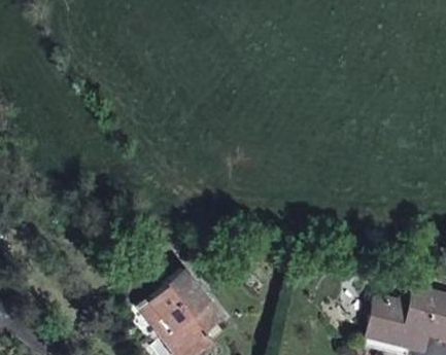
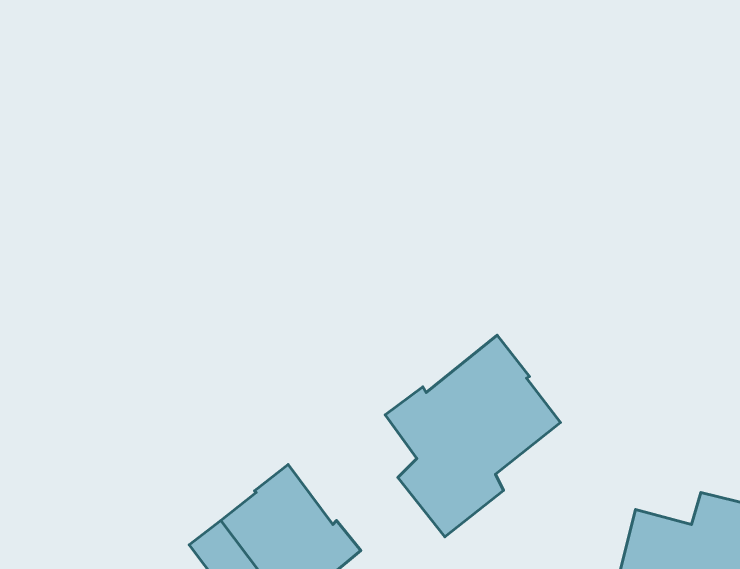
building: none -> [385,335,561,537]

